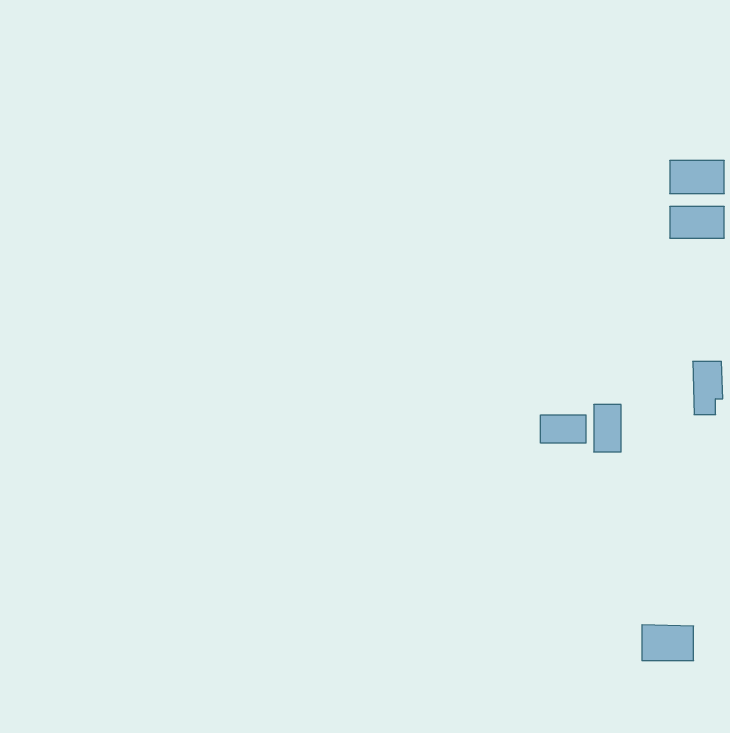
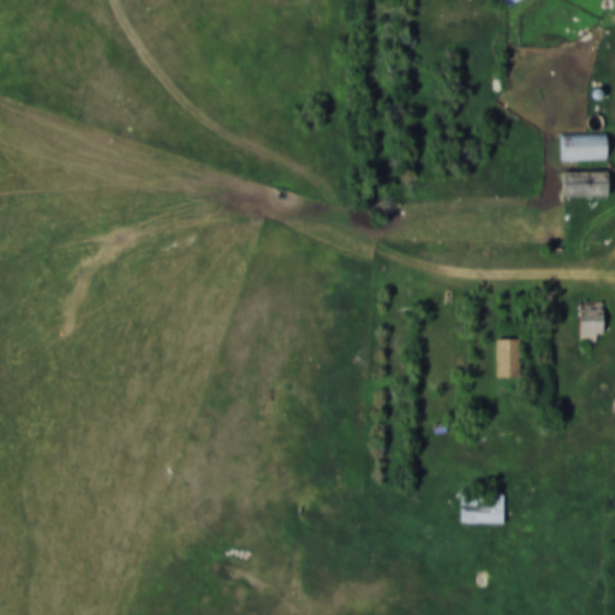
building: [541,415,586,443] -> none
building: [642,625,694,661] -> [462,494,506,524]

